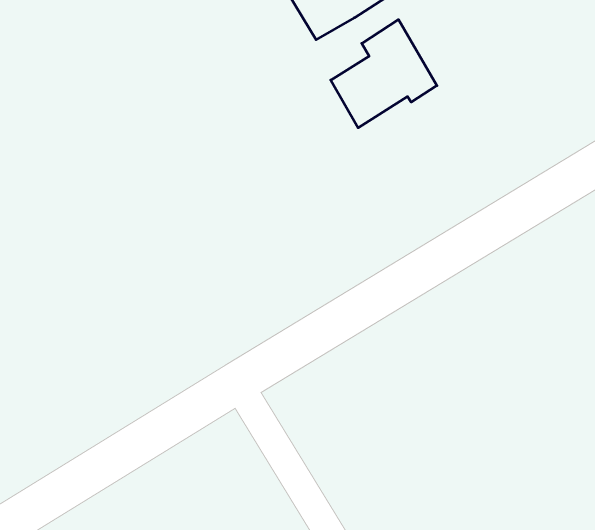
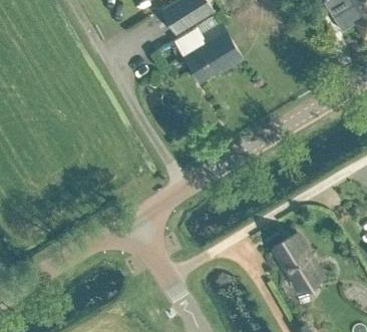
building: none -> [272,235,321,291]

